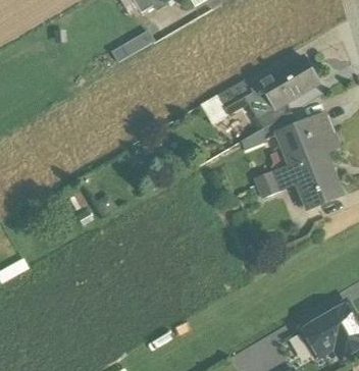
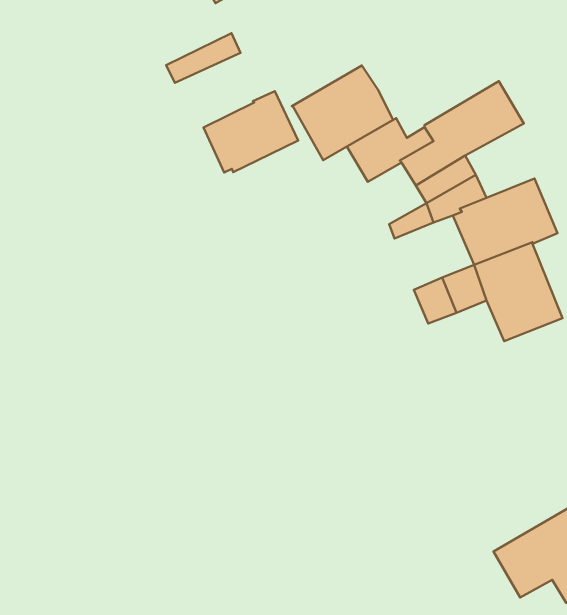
building: none -> [292,66,393,160]
building: none -> [203,91,298,173]

